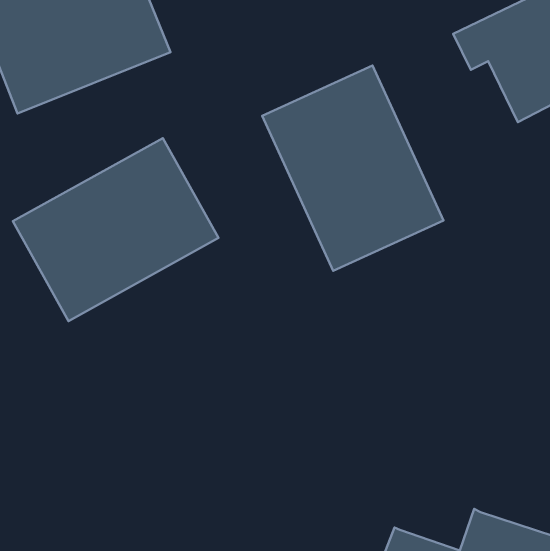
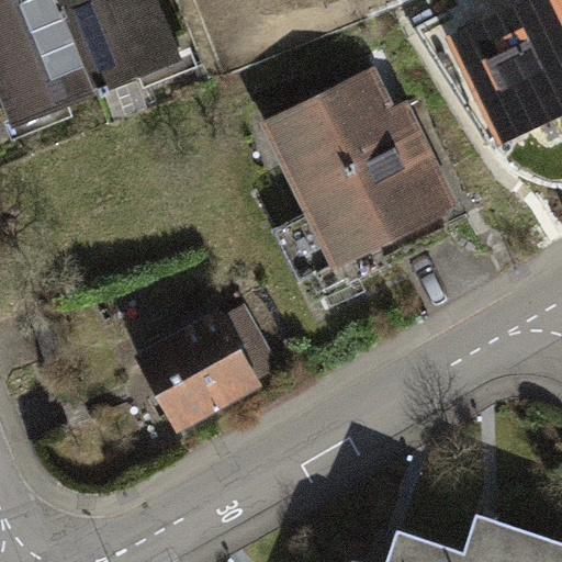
building: [13,138,218,321] -> none
building: none -> [144,305,258,423]

